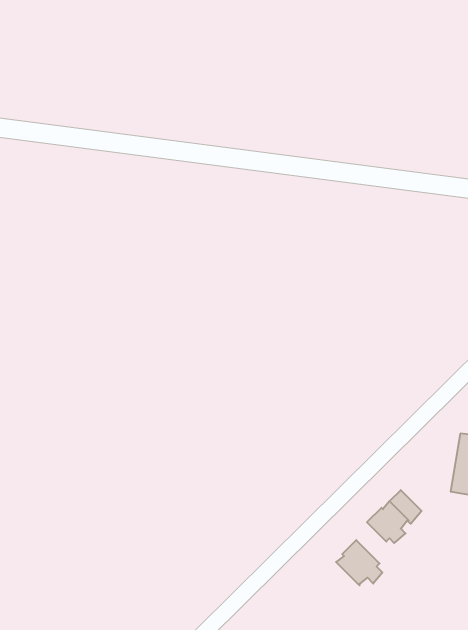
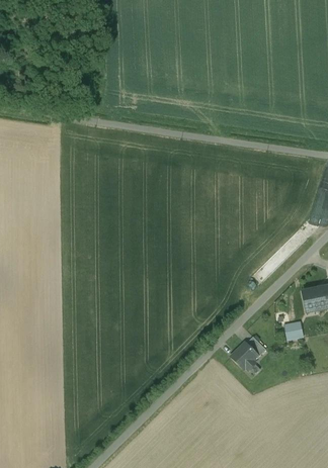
building: [336,540,382,585] -> none

